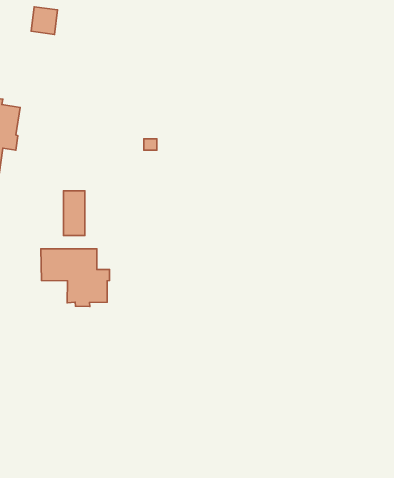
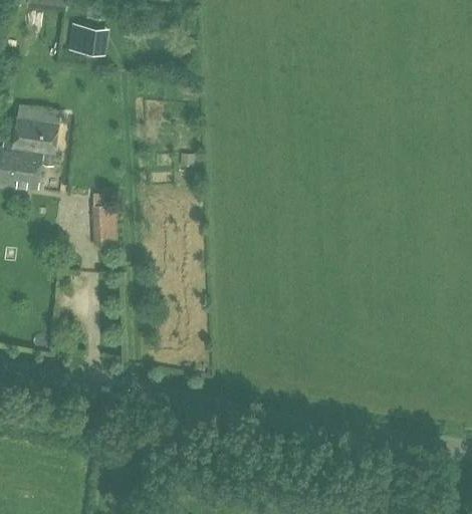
building: [41,249,110,306] -> none

